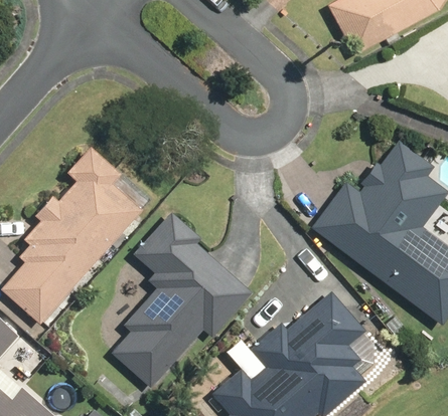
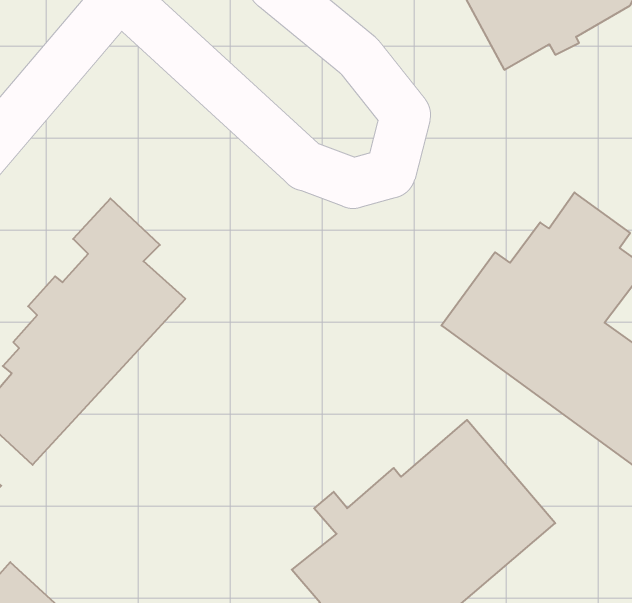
building: [112,213,252,387] -> none

